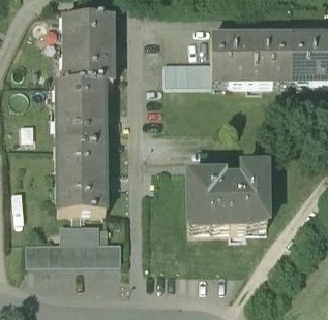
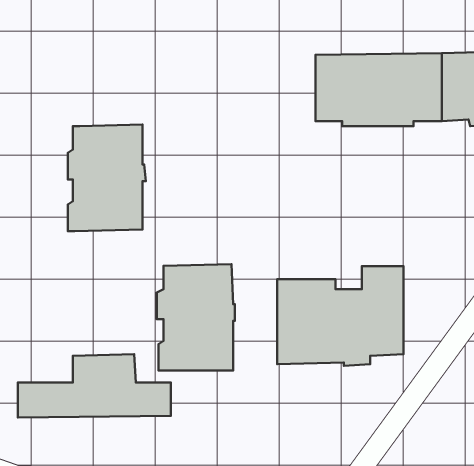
building: [64,13,113,81] -> none
building: [163,59,211,82] -> none
building: [57,145,106,211] -> [157,264,235,371]

